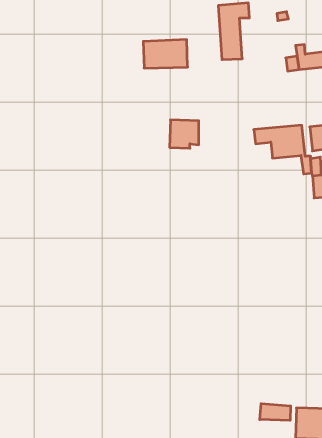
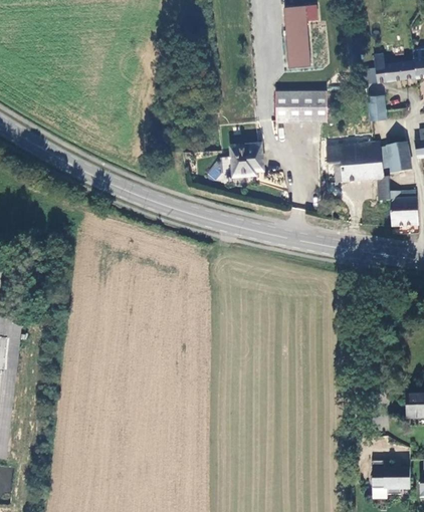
building: [143,40,188,68] -> [270,91,321,123]
building: none -> [364,97,383,122]
building: [260,404,291,420] -> none

